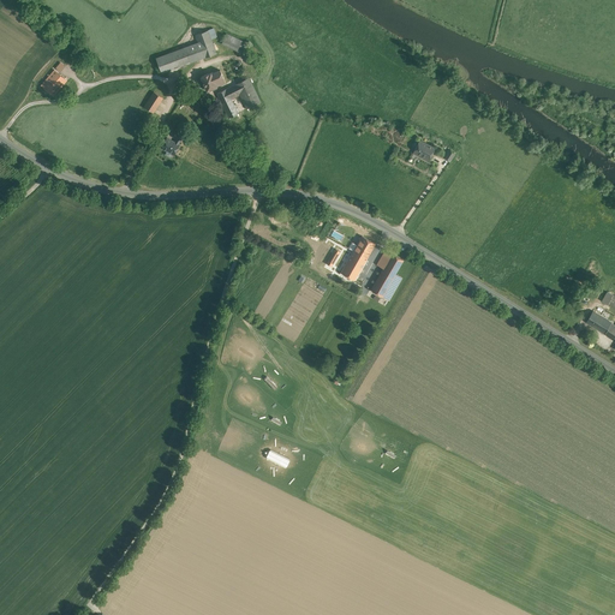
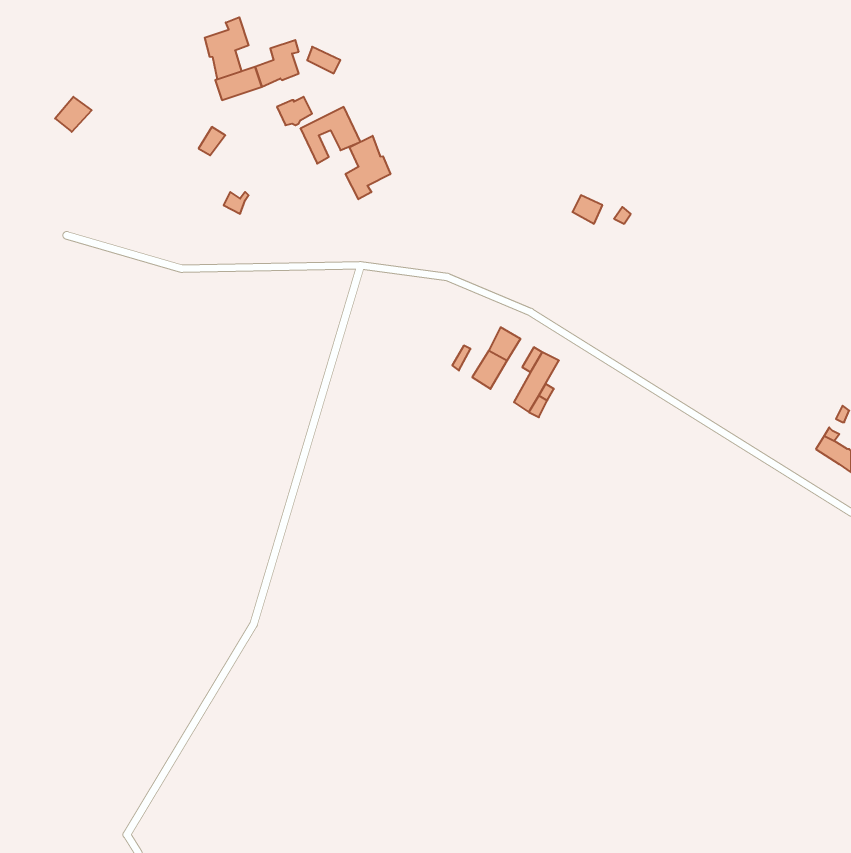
building: none -> [205,17,249,79]
building: none -> [346,136,390,199]

